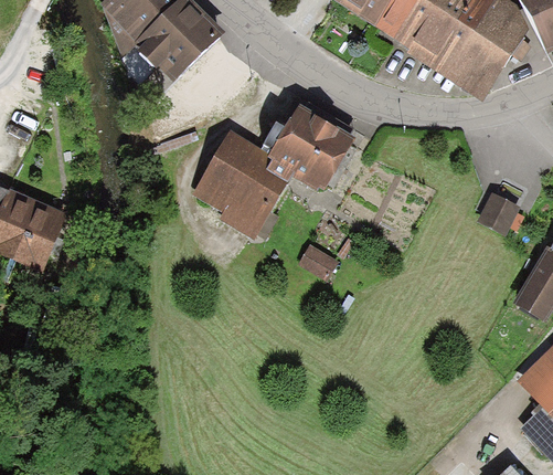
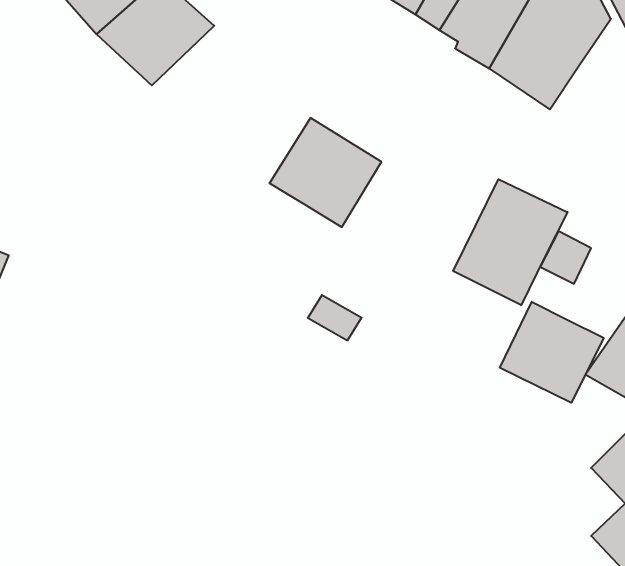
building: [193,134,294,236] -> none
building: none -> [453,179,568,305]
building: none -> [500,302,604,403]

